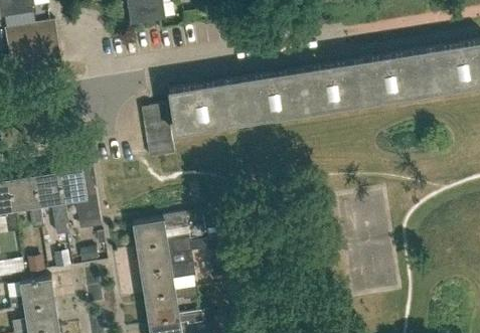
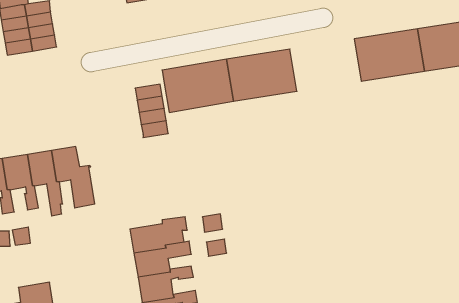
building: [296,62,367,115] -> none
building: [132,216,187,253] -> none
building: [10,281,55,313] -> none

